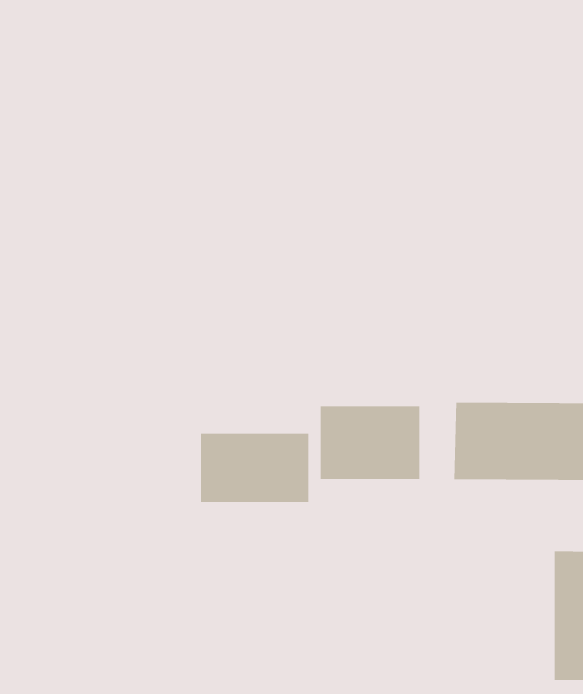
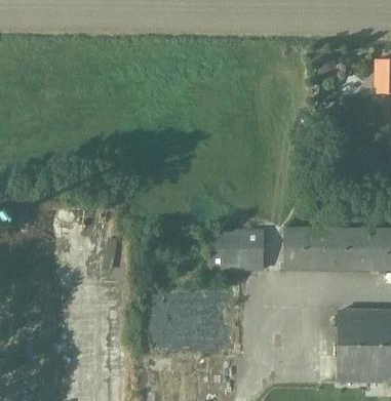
building: [200,433,309,503] -> none

